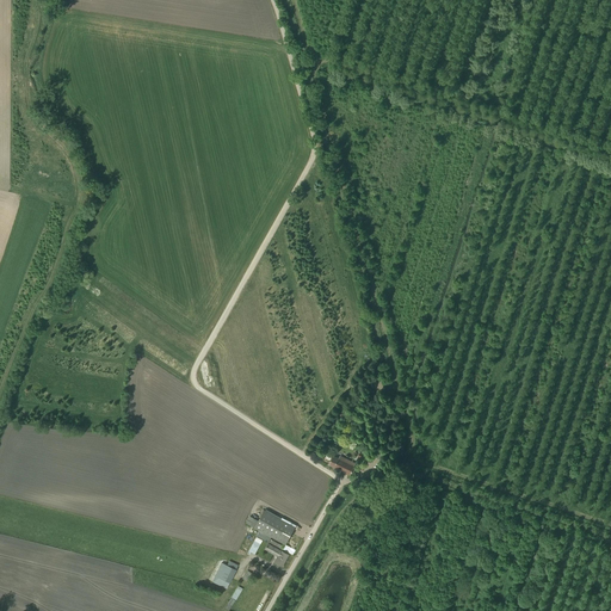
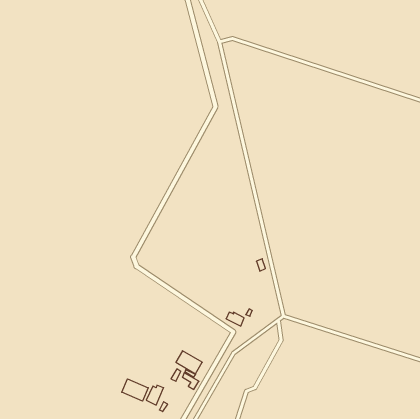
building: none -> [122,379,148,401]

